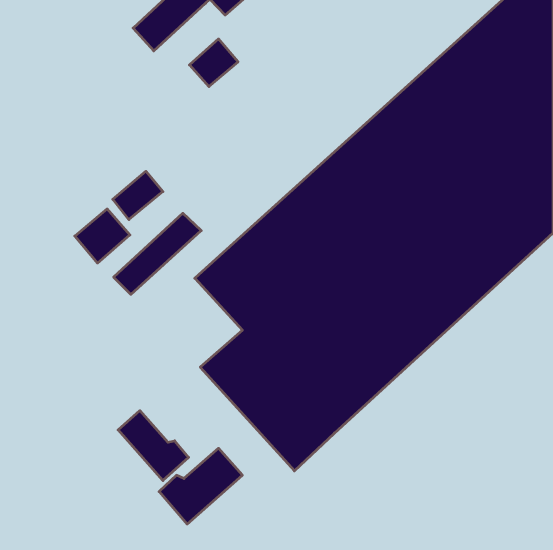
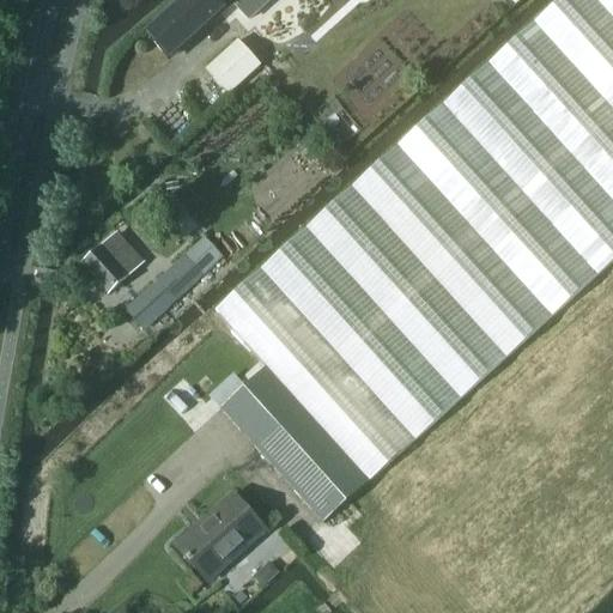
building: [113,171,163,220] -> none
building: [118,411,189,481] -> none

